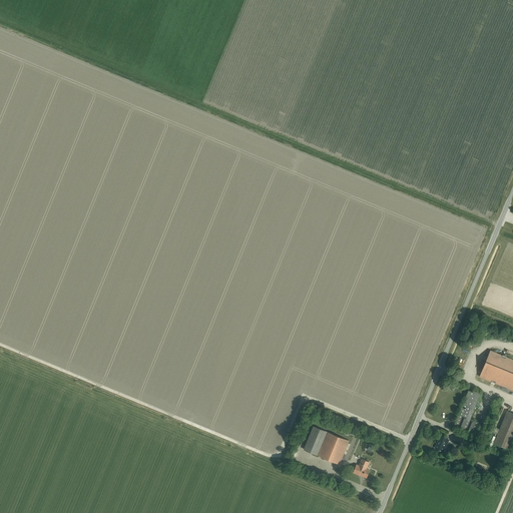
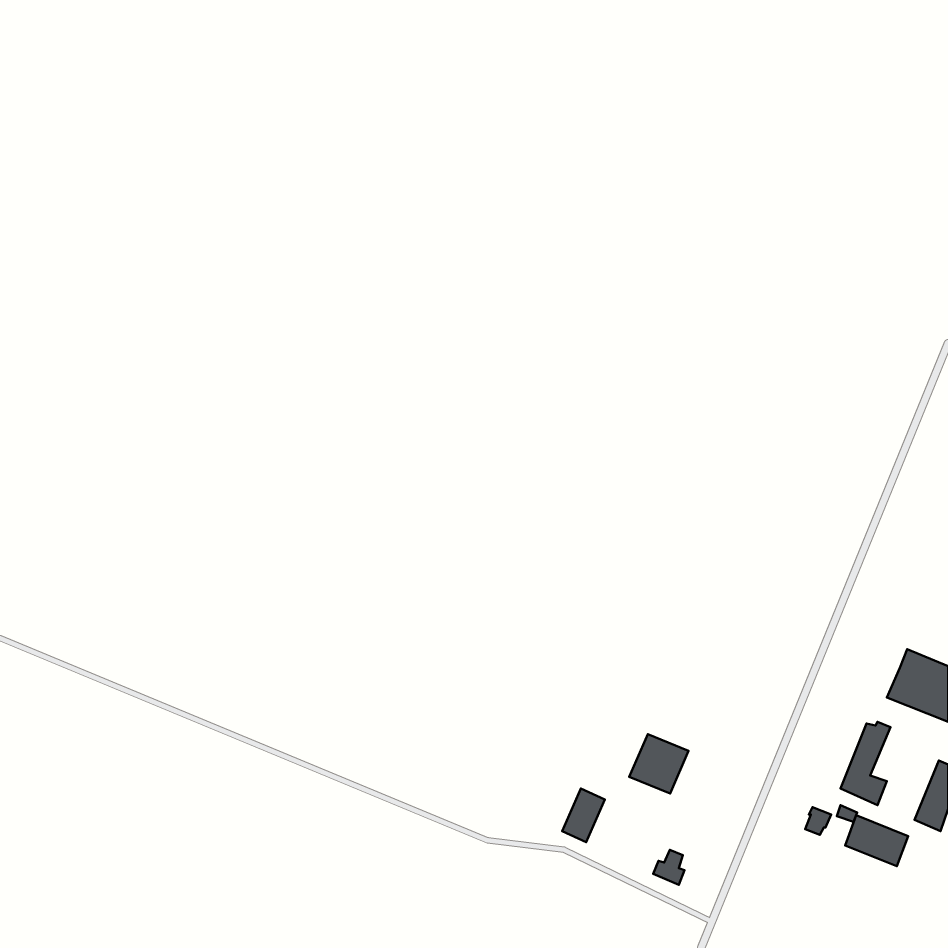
building: [317,432,349,464] -> [629,734,689,794]
building: none -> [845,815,908,866]

